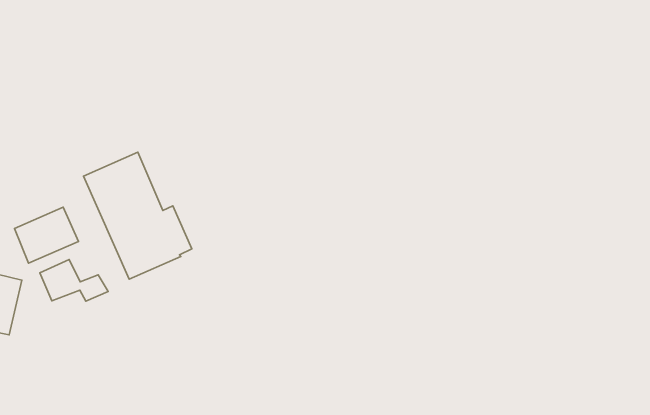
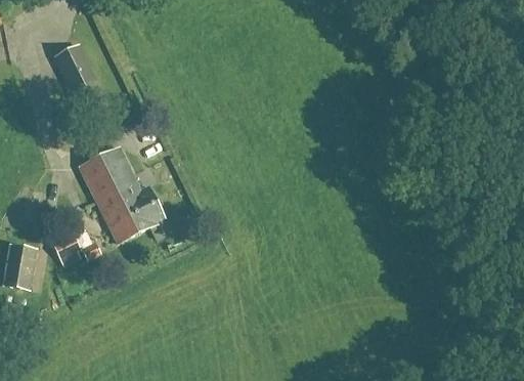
building: none -> [55,44,106,115]
building: [15,207,79,263] -> none

